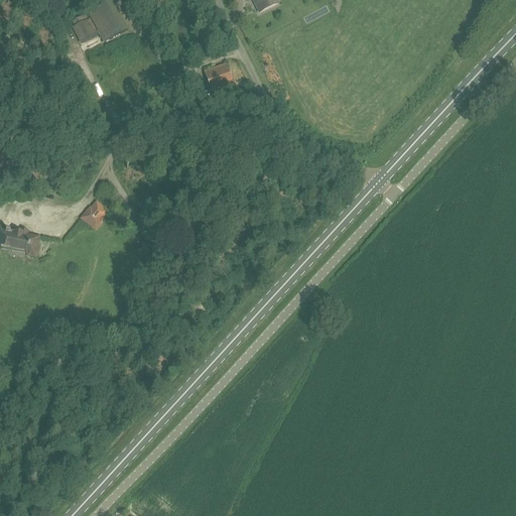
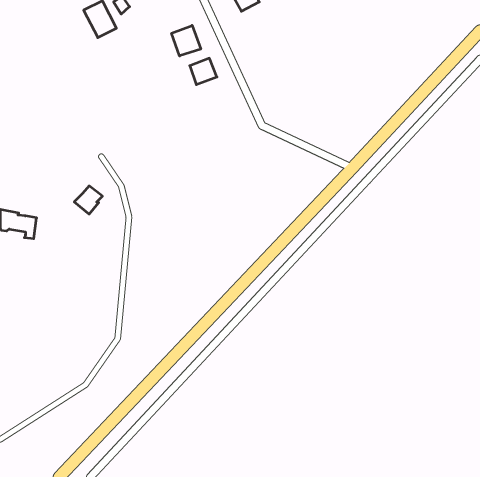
building: [72,17,98,43] -> none
building: none -> [172,25,201,56]

